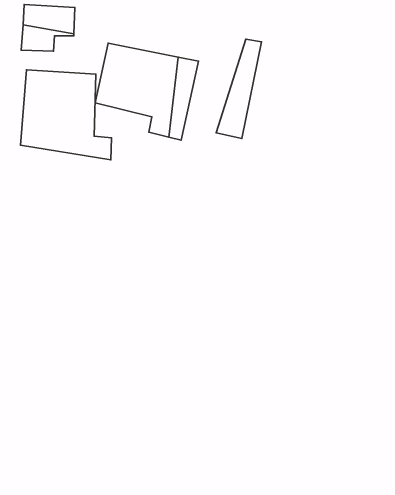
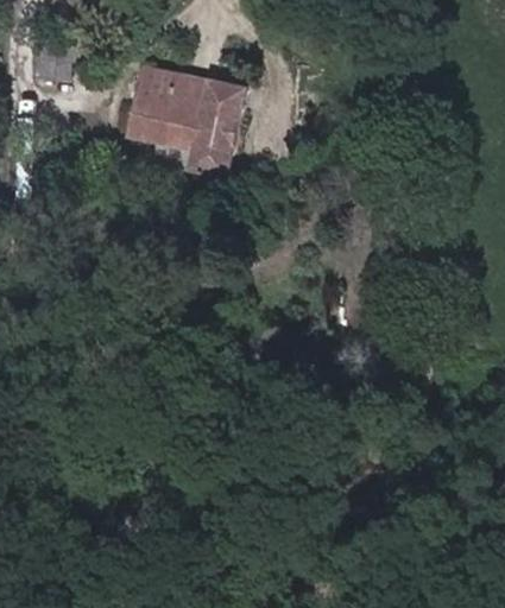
building: [216,39,262,139] -> none
building: [21,70,112,160] -> none

